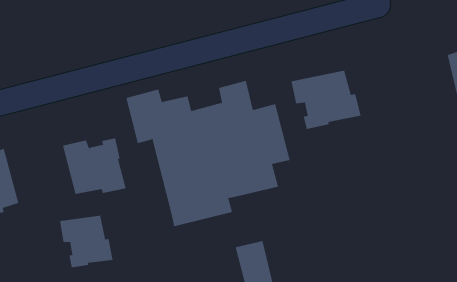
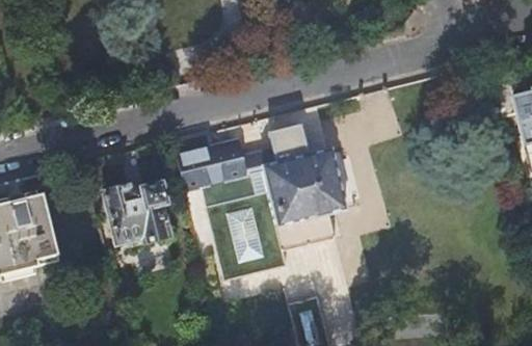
building: [291,70,361,130] -> none
building: [59,215,113,268] -> none

